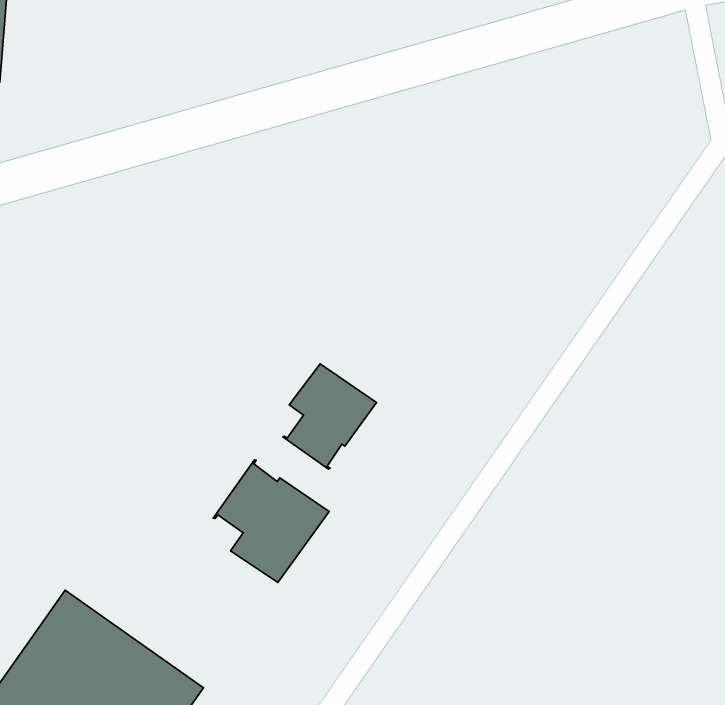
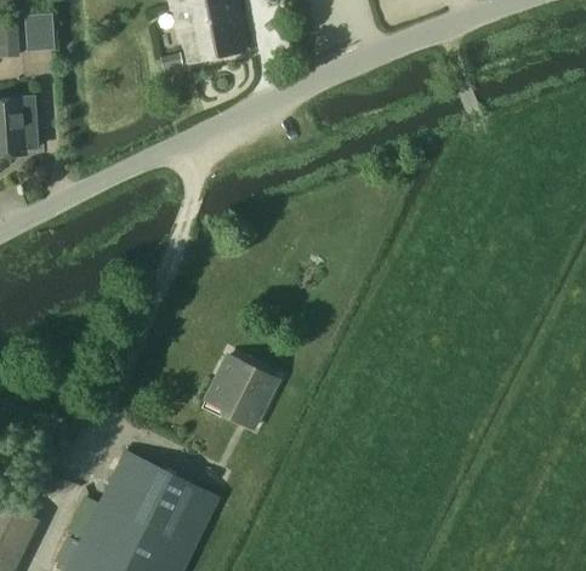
building: [283,364,376,469] -> none

